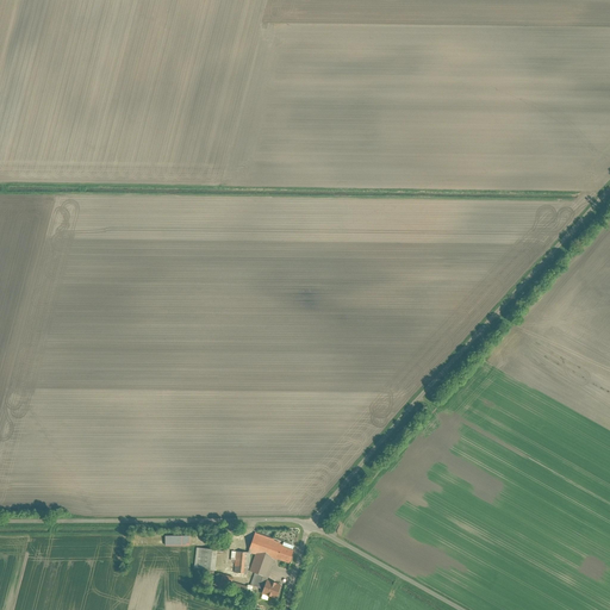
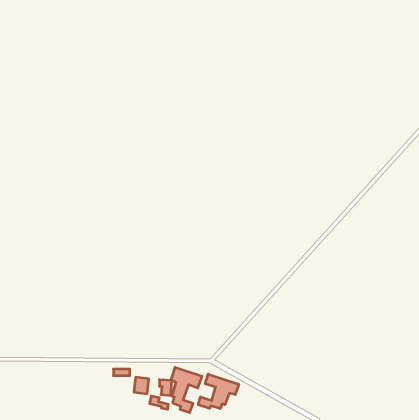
building: none -> [198,374,239,409]

